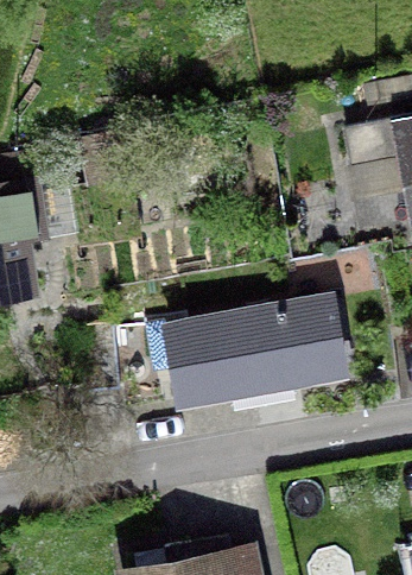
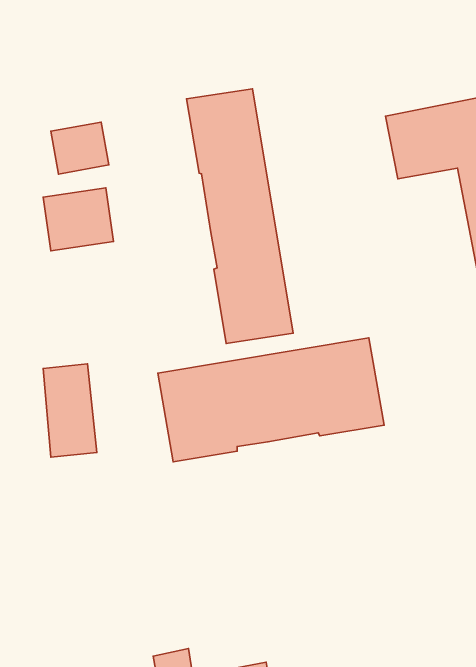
building: none -> [187,89,293,344]

